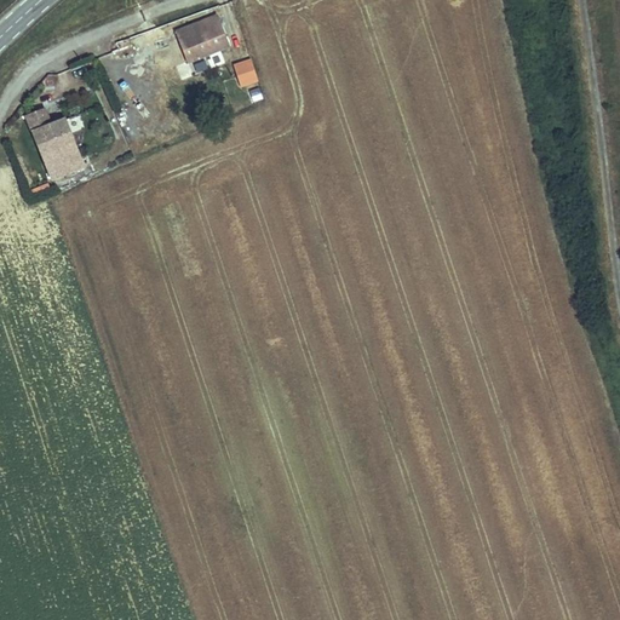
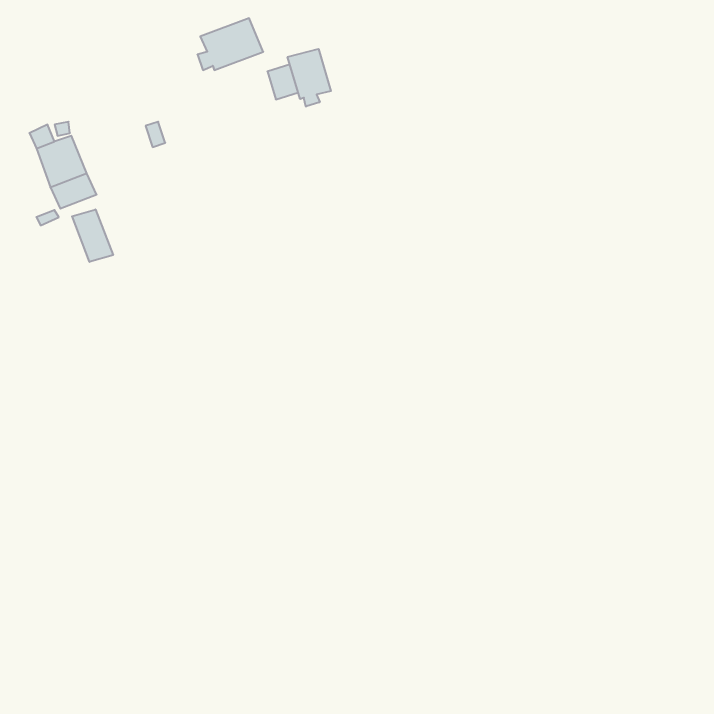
building: none -> [288,49,331,107]
building: none -> [72,209,113,262]

